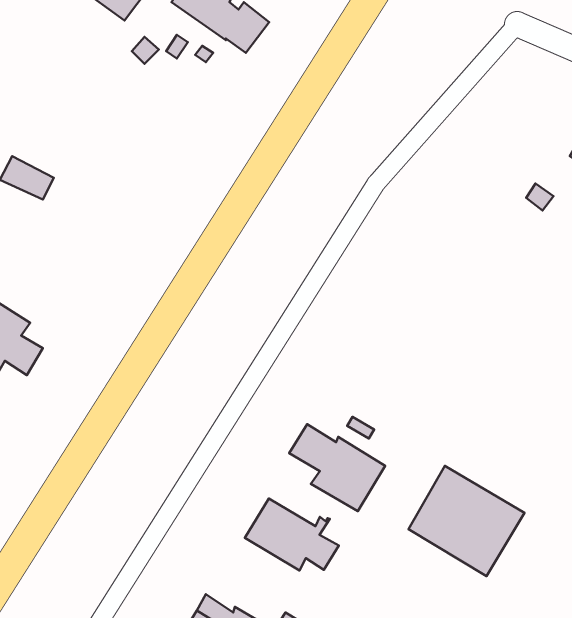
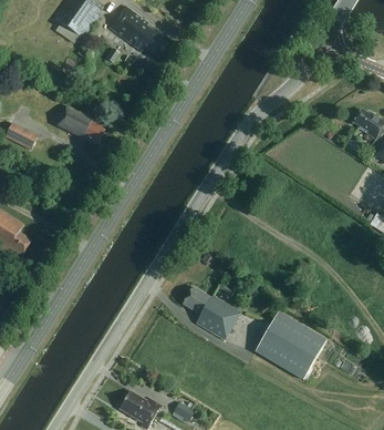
building: none -> [56,106,104,144]
building: [245,498,339,570] -> none

